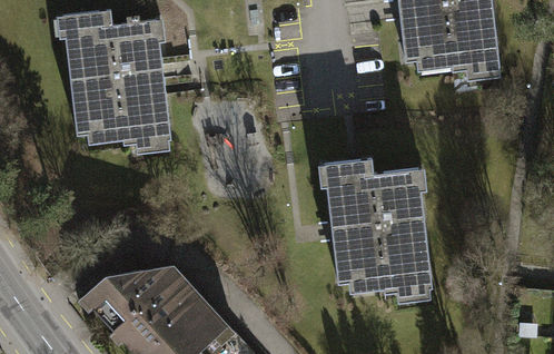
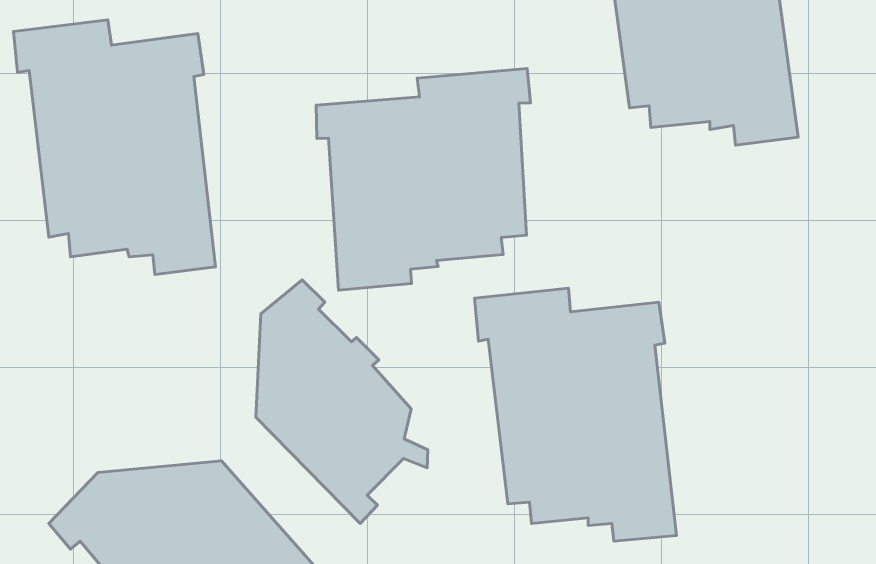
building: none -> [316,69,531,290]
building: none -> [256,280,428,524]

